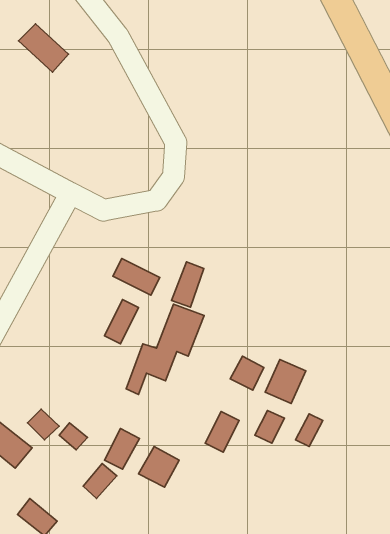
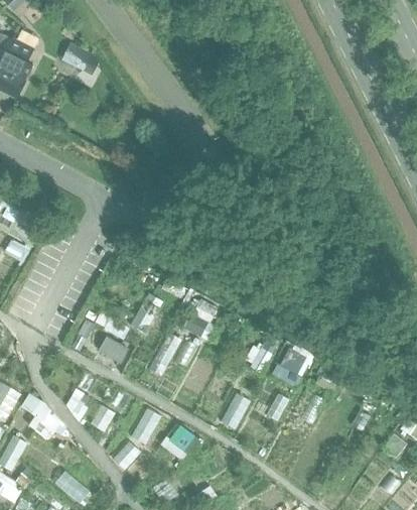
building: [113,258,160,295] -> none
building: [171,262,204,307] -> none
building: none -> [96,335,132,364]

